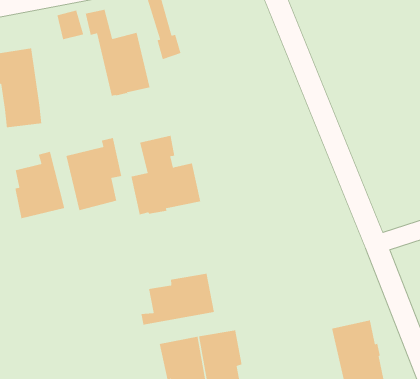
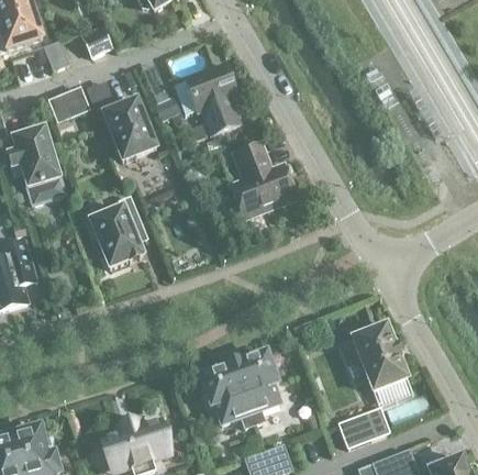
building: none -> [173,63,238,132]
building: [130,135,201,215] -> [230,141,297,218]
building: [14,151,65,219] -> none
building: [140,273,215,326] -> none

